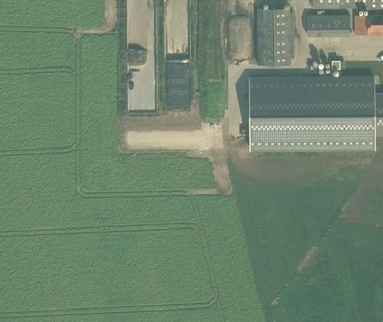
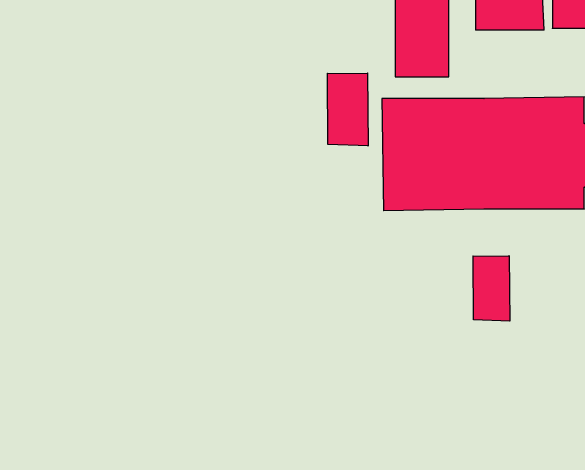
building: none -> [327,73,368,146]
building: none -> [473,256,510,321]

